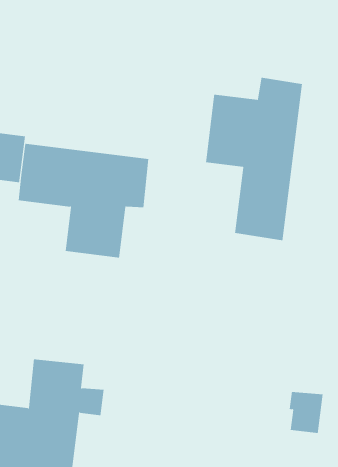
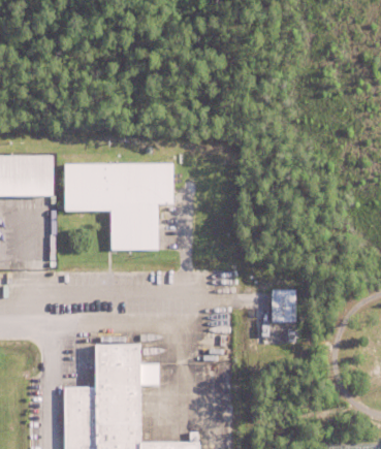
building: [205,77,303,241] -> none
building: [289,391,324,434] -> [273,293,300,327]

